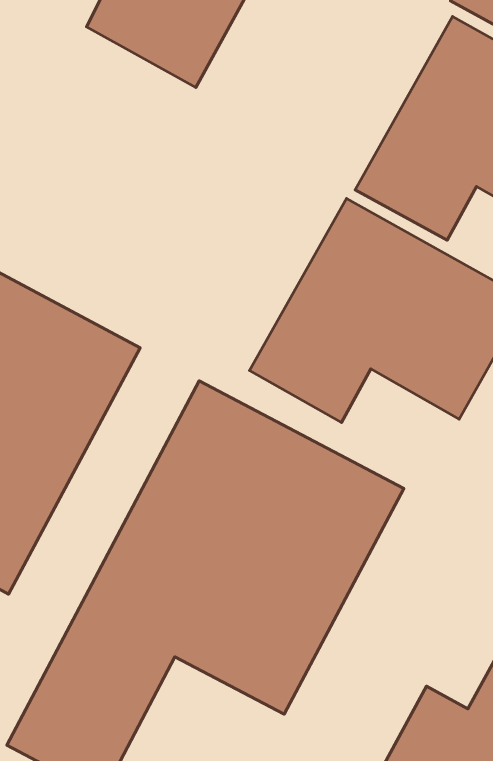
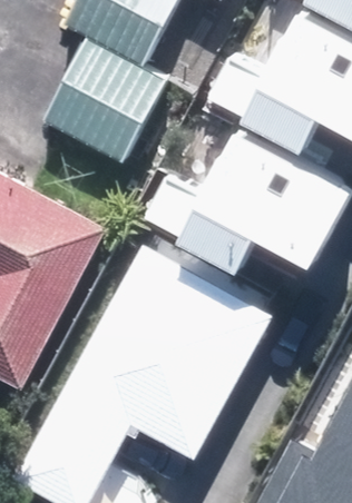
building: none -> [50,41,165,157]

